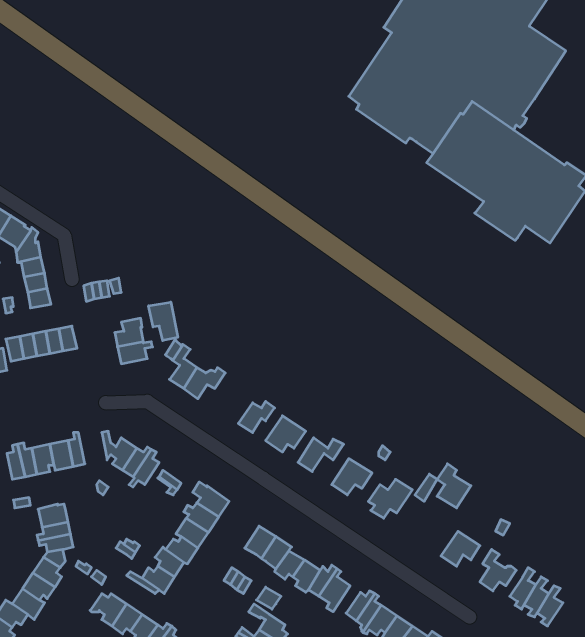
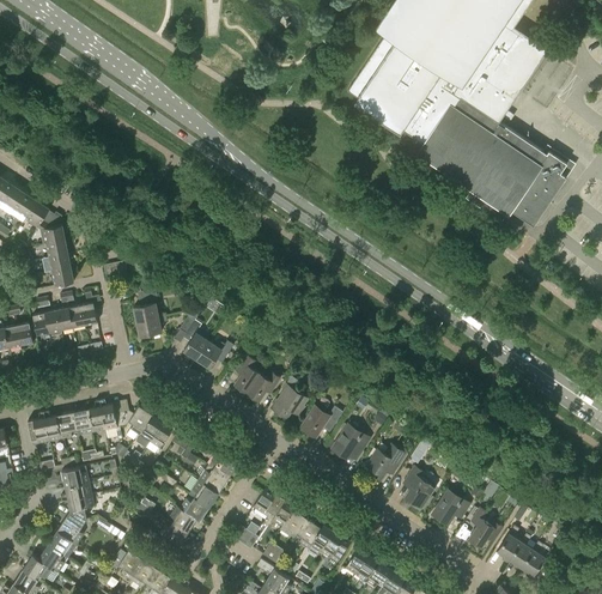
building: [149,302,178,341] -> none
building: none -> [233,353,259,392]
building: none -> [98,399,124,429]
building: [437,464,471,508] -> [403,466,434,507]

